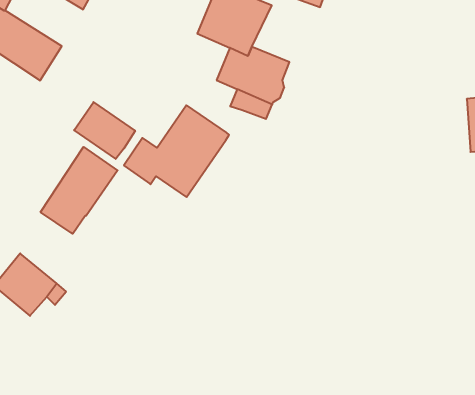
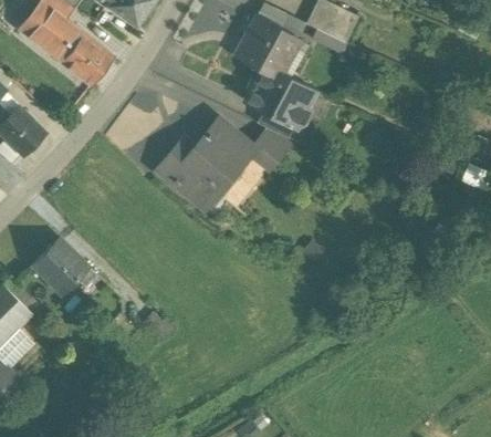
building: [74,102,135,159] -> none
building: none -> [251,128,295,170]
building: [41,147,118,234] -> none

